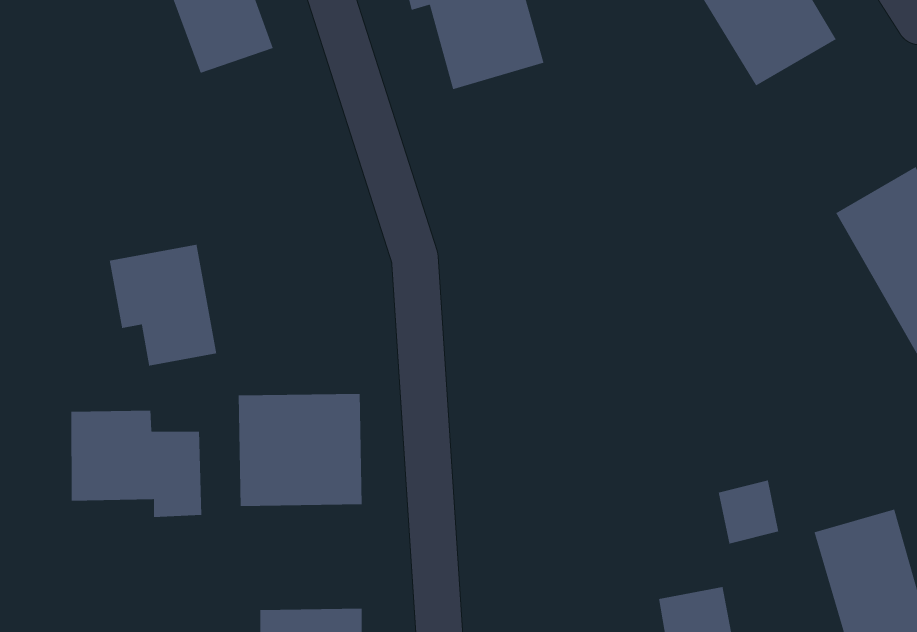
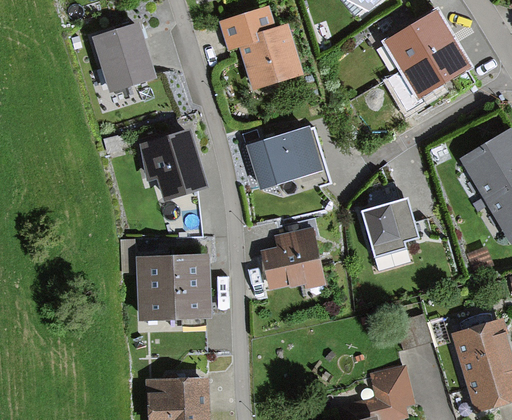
building: none -> [249,128,323,189]
building: [109,244,217,367] -> [142,132,202,200]
building: none -> [364,194,417,251]
building: none -> [257,232,314,289]
building: [70,410,202,518] -> none

